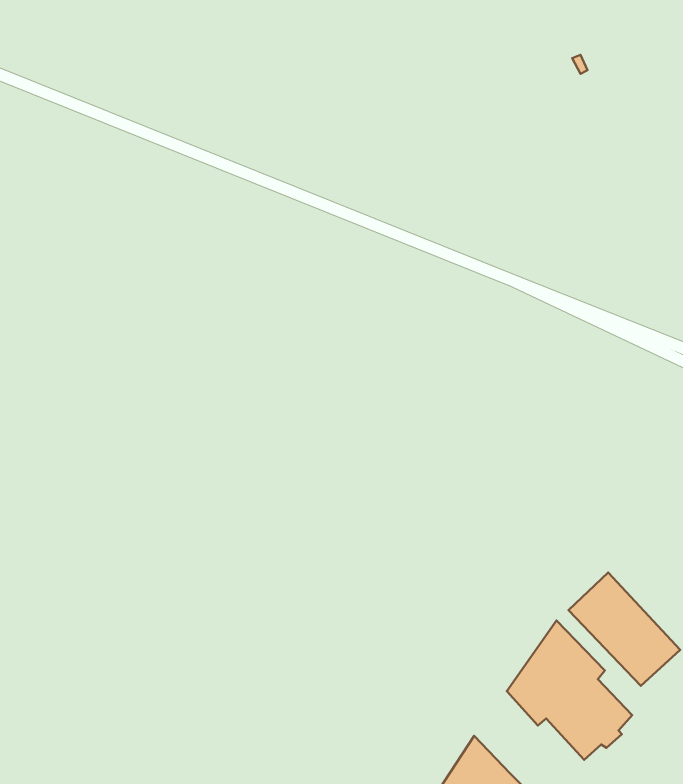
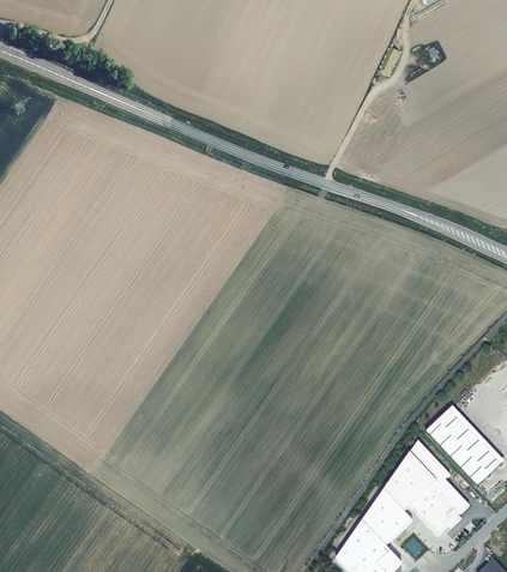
building: none -> [360,488,412,546]

